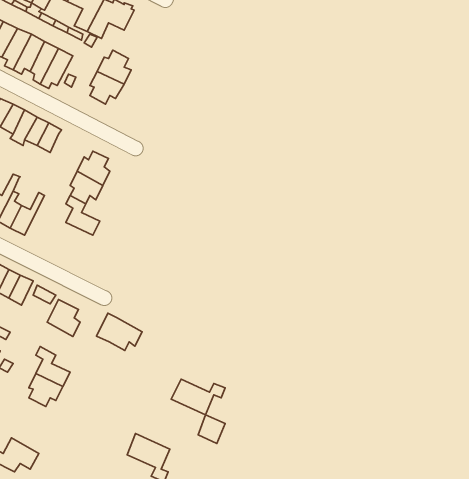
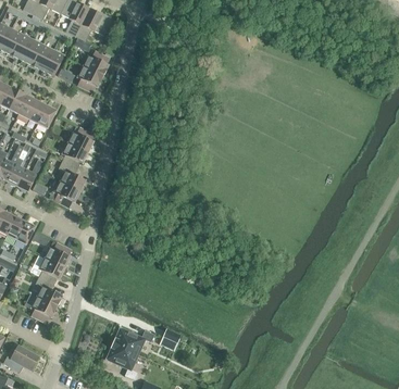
building: none -> [48,181,79,206]
building: [96,313,142,350] -> [29,254,64,283]
building: [171,379,225,415] -> [112,327,153,354]

